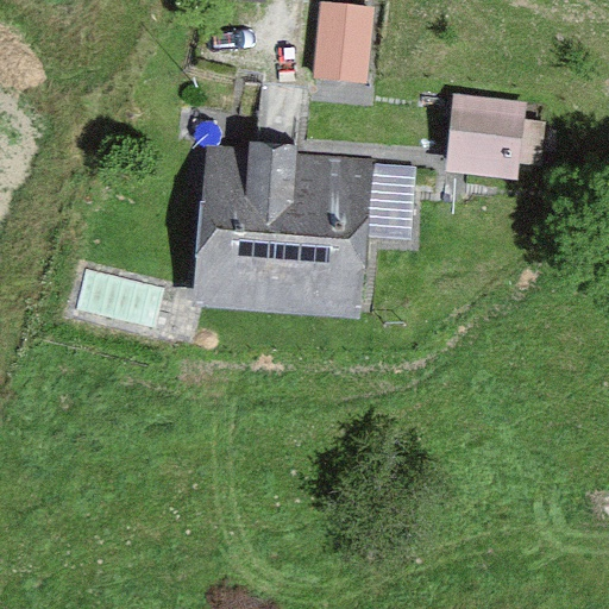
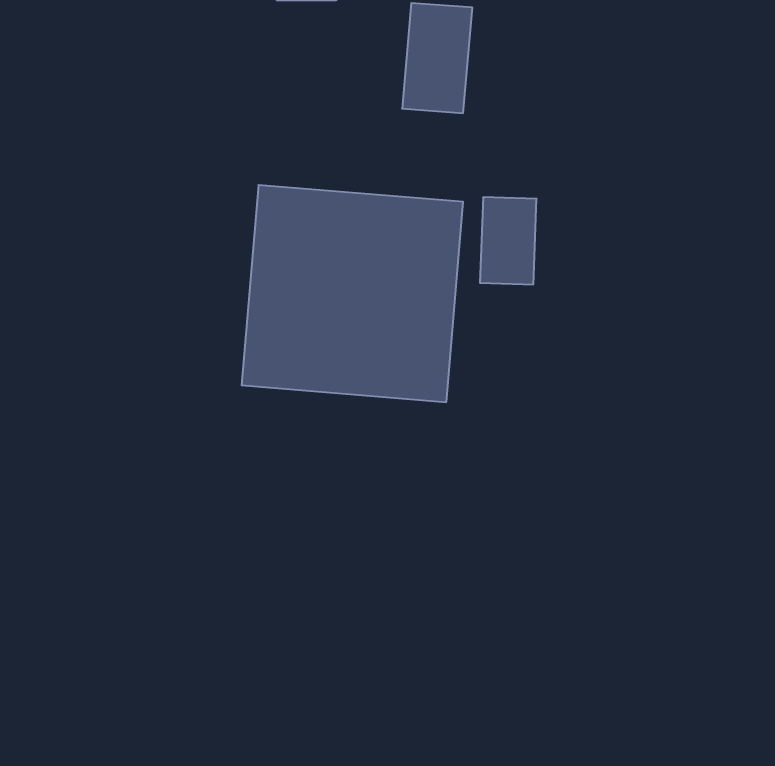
building: [452,93,525,174] -> none

